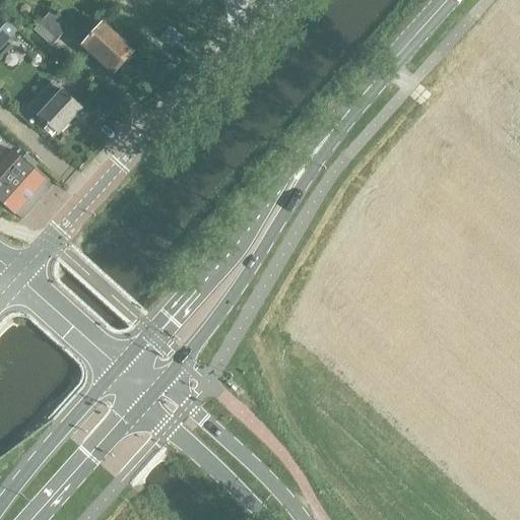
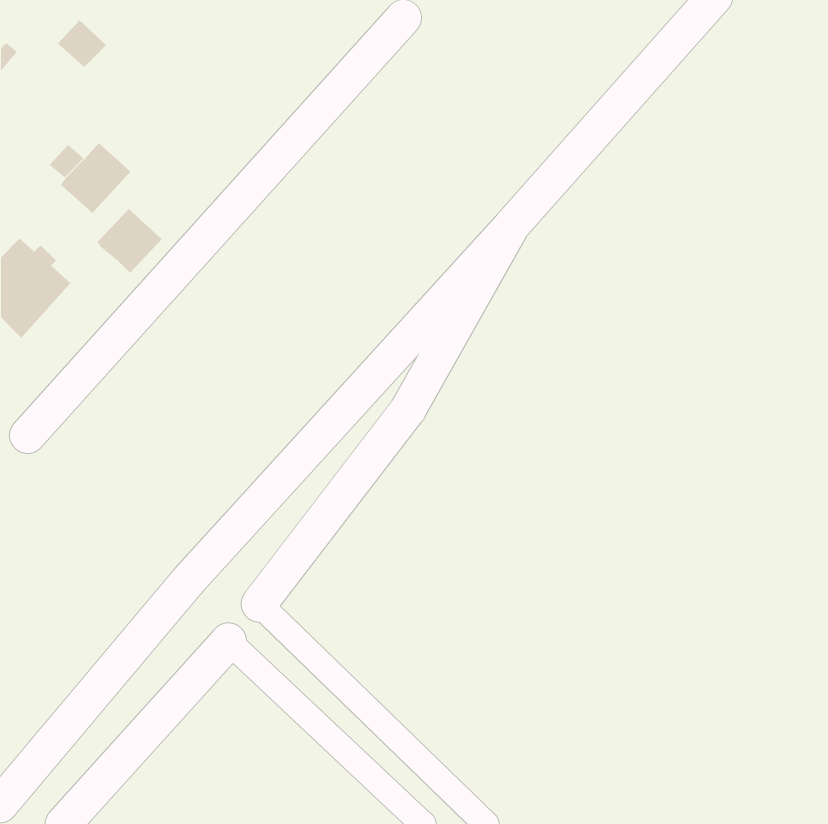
building: [76,21,133,72] -> none
building: none -> [96,208,163,274]

